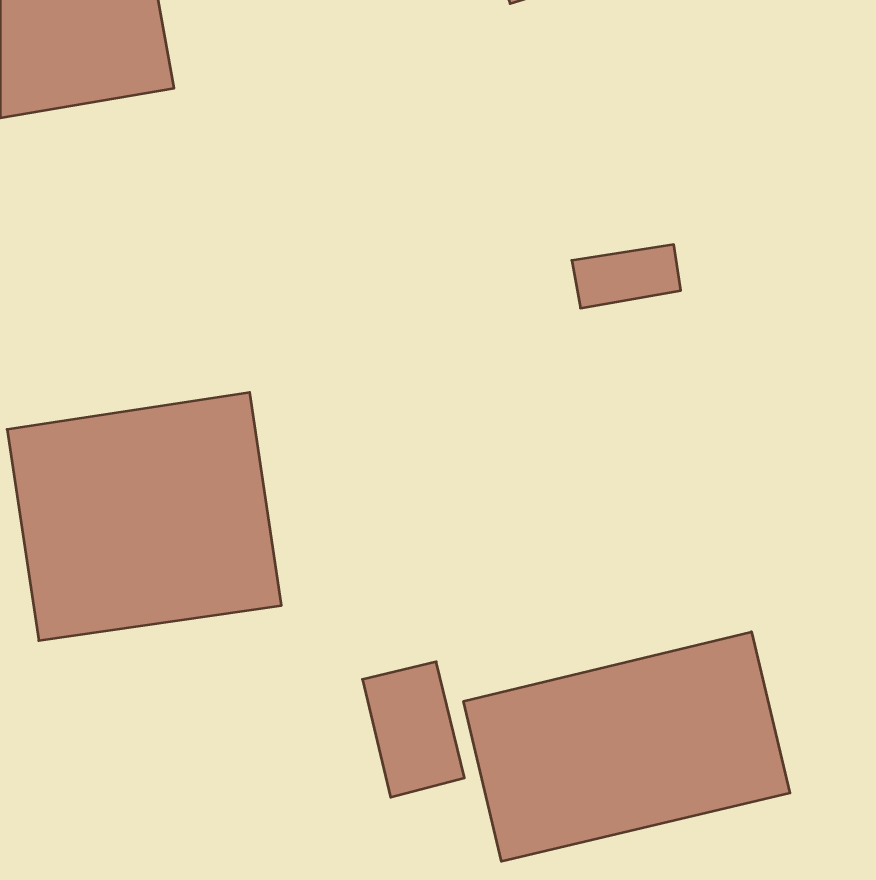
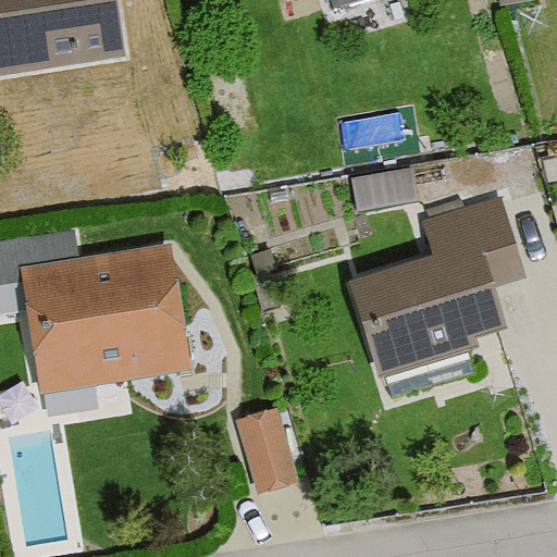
building: none -> [354,194,523,370]
building: [464,632,790,861] -> none

